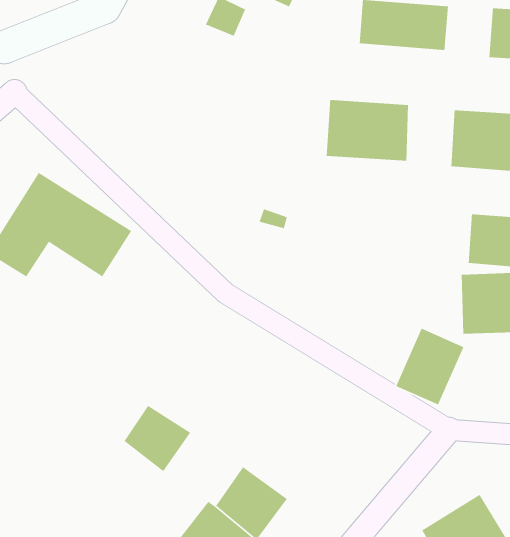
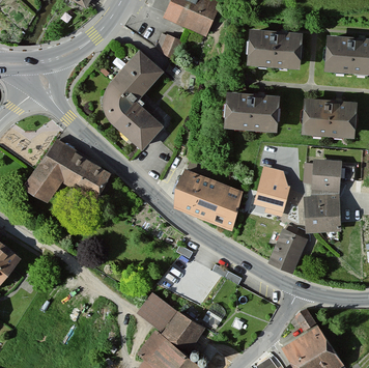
building: none -> [101,51,165,153]
building: none -> [255,166,287,207]
building: none -> [172,168,243,224]
building: [124,405,191,472] -> [137,294,177,335]

